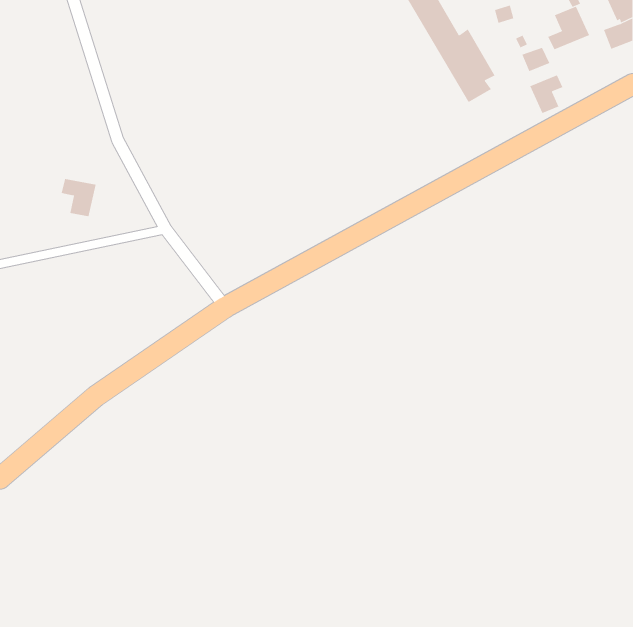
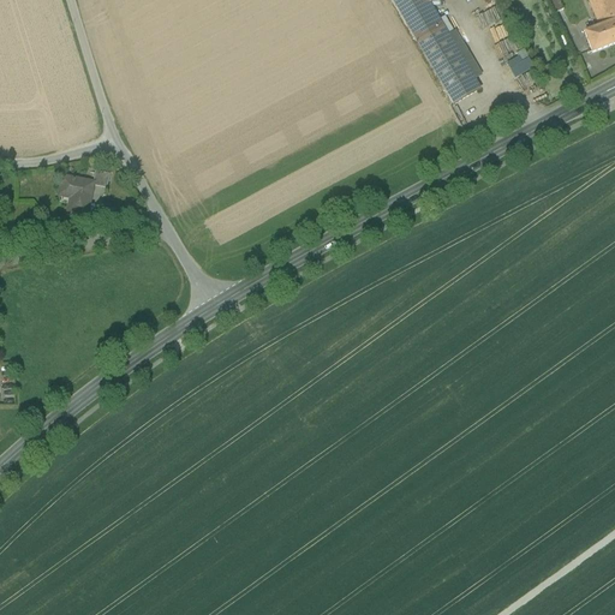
building: [548,6,590,50] -> none
building: [530,75,563,114] -> none

